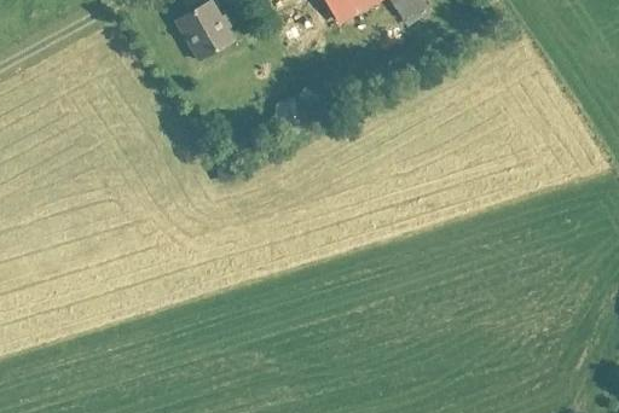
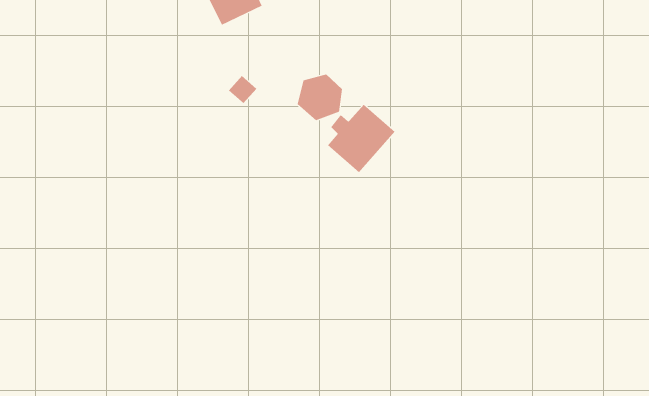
building: none -> [327,104,395,173]

